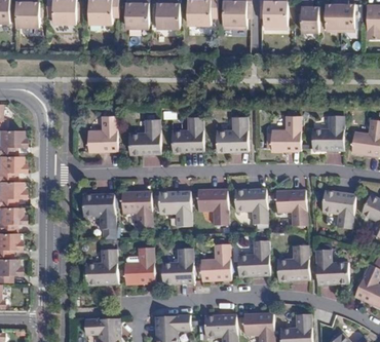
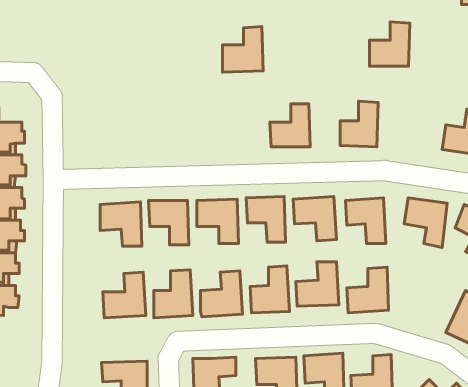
building: [87,114,117,150] -> none
building: [172,115,203,151] -> [223,27,263,72]
building: [312,115,344,150] -> [369,22,410,66]
building: [127,118,160,153] -> none
building: [315,250,348,284] -> none

